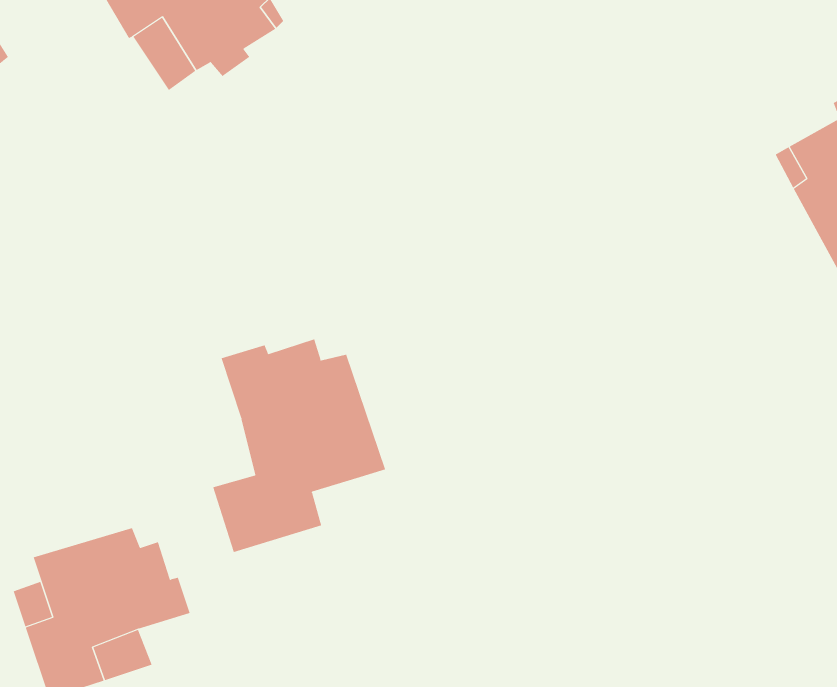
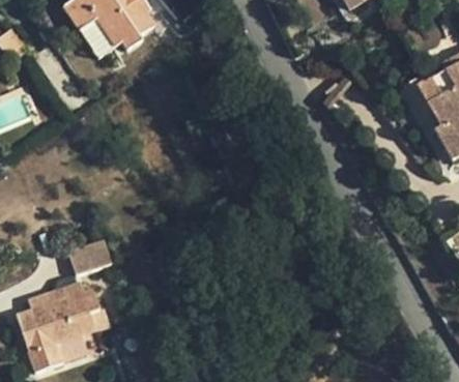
building: [213,339,386,553] -> none
building: none -> [68,240,110,274]

